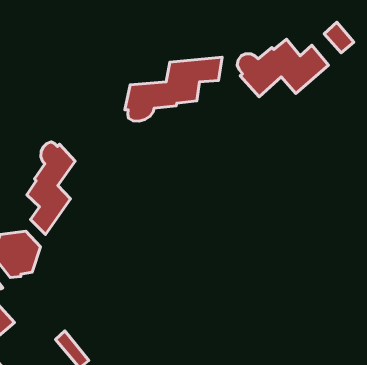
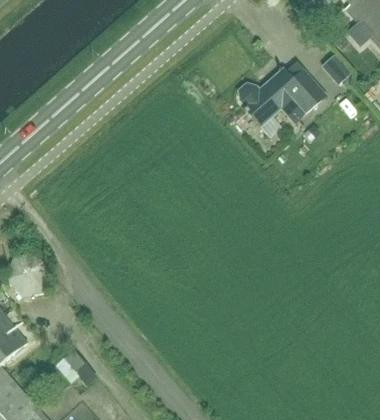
building: [125,57,222,121] -> none
building: [27,142,75,235] -> none

